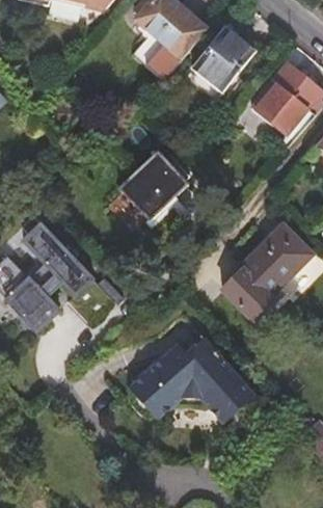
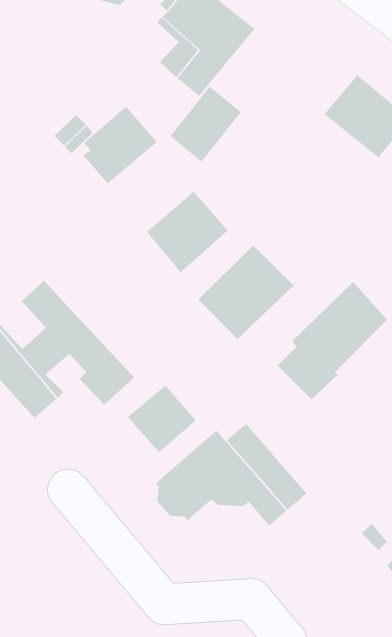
building: [195,30,251,90] -> [169,85,242,163]
building: none -> [82,106,158,184]
building: none -> [198,245,294,340]
building: none -> [127,384,197,453]

